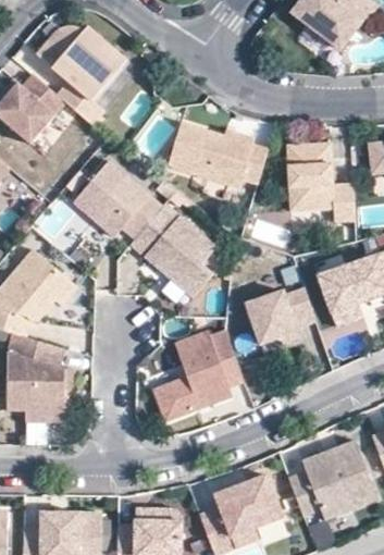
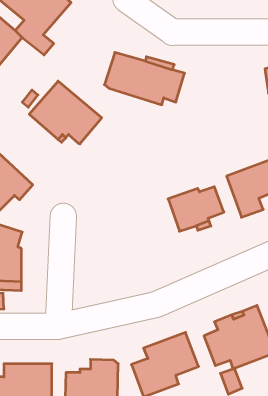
building: [285,141,356,220] -> none
building: [131,200,215,294] -> none
building: [153,331,244,421] -> none

